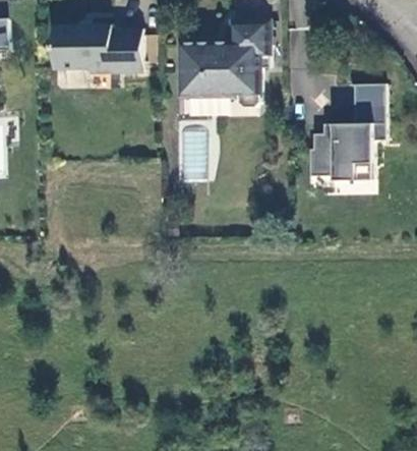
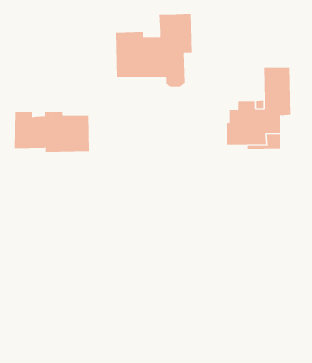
building: [52,24,141,72] -> [14,112,90,152]

